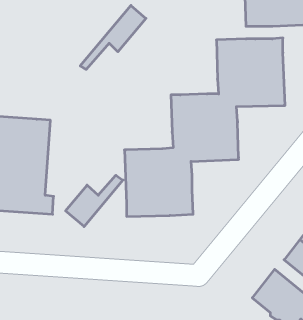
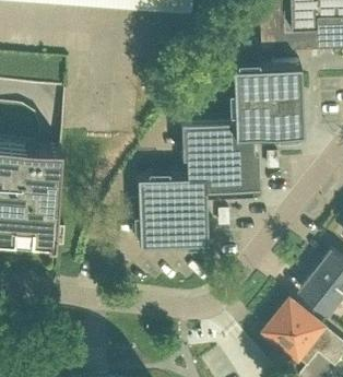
building: [80,5,146,69] -> none
building: [66,175,123,227] -> none

